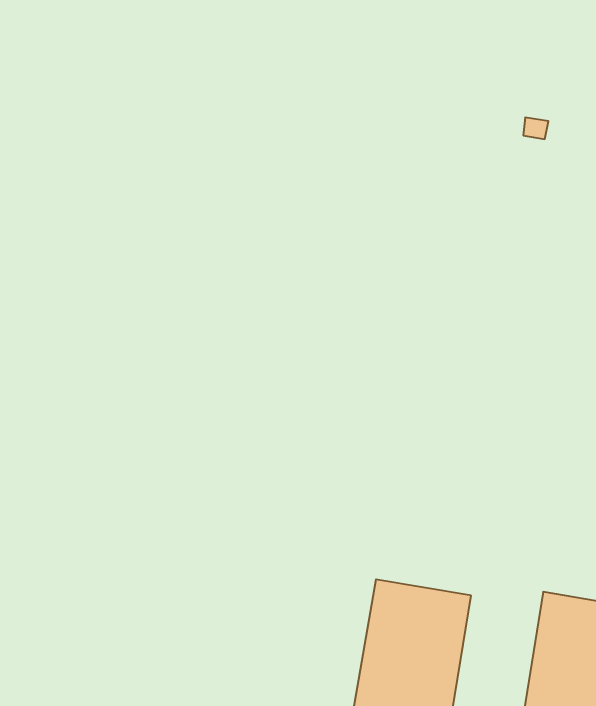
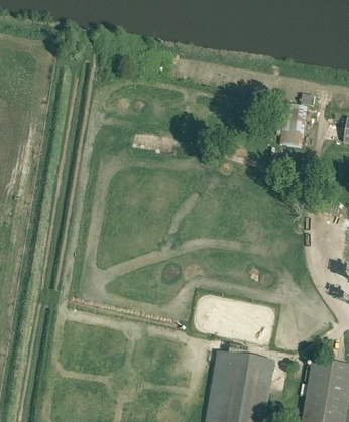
building: none -> [280,102,308,145]

